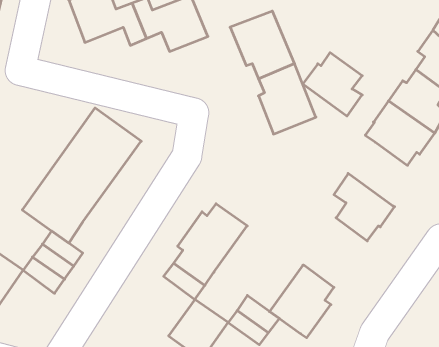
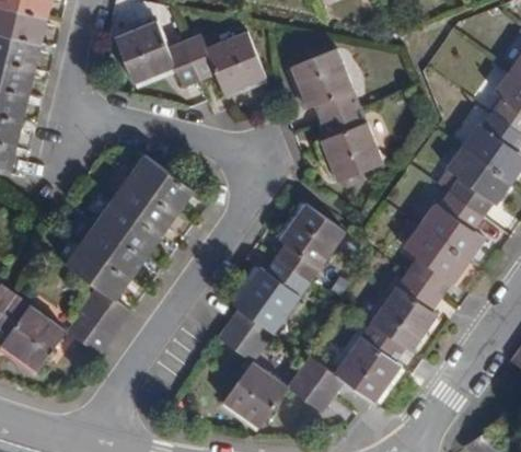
building: [303,53,362,116] -> [418,192,483,260]
building: none -> [275,204,345,282]
building: none -> [370,274,439,354]

